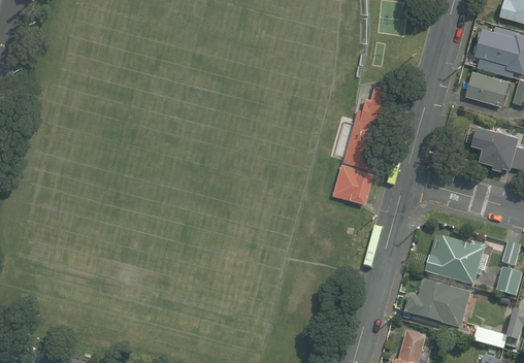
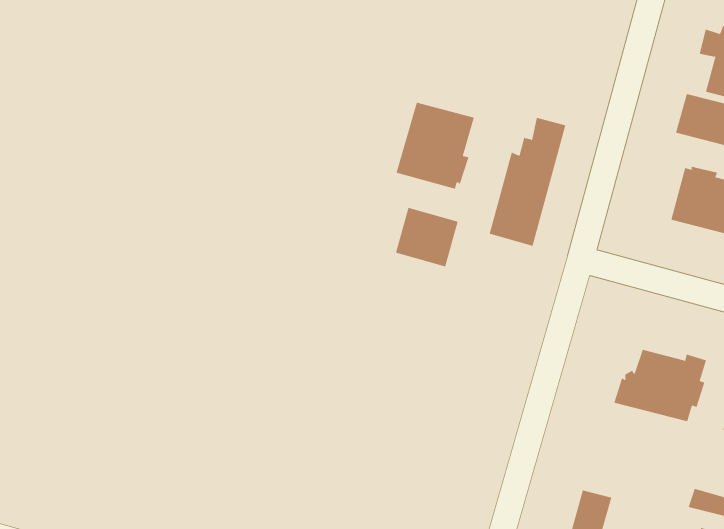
building: none -> [396,102,474,190]
building: [332,164,373,203] -> [395,207,458,267]
building: [403,278,469,328] -> none

